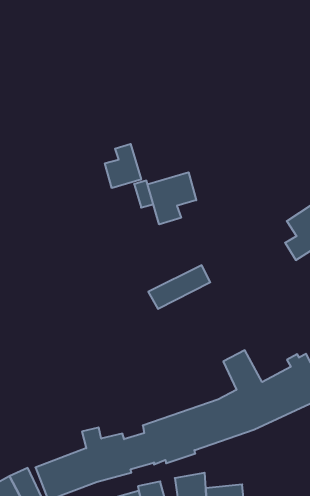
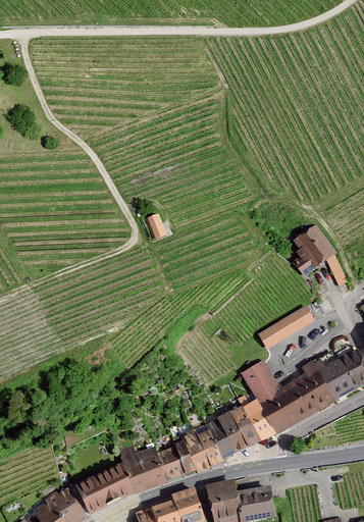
building: [105,144,141,188] -> none
building: [148,172,196,224] -> none
building: [148,265,210,309] -> [255,305,312,349]

